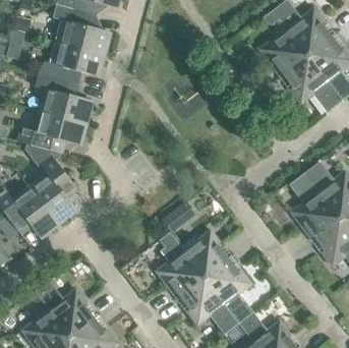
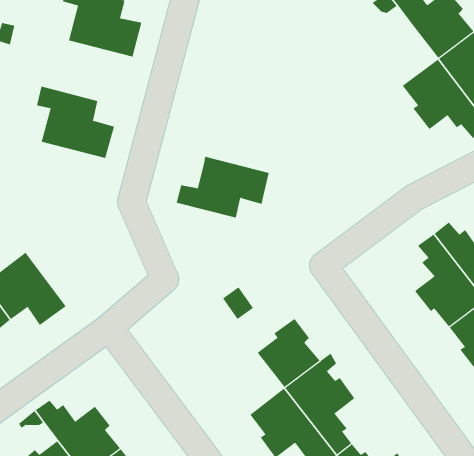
building: [259,33,307,74] -> none
building: [40,44,102,84] -> none
building: [20,112,83,154] -> [176,156,270,218]
building: [30,158,76,223] -> none
building: [157,233,203,296] -> none

